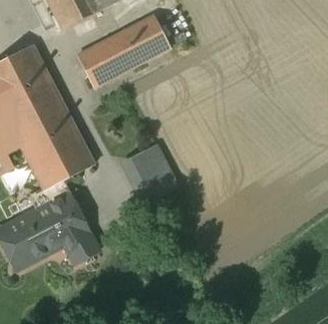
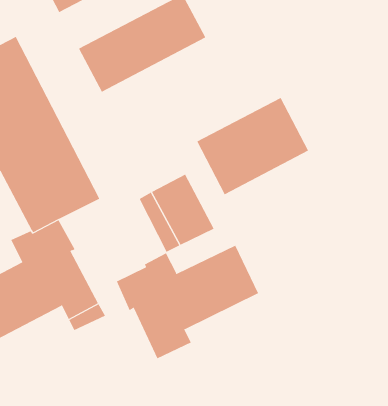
building: none -> [197,97,309,195]
building: none -> [116,245,259,359]

